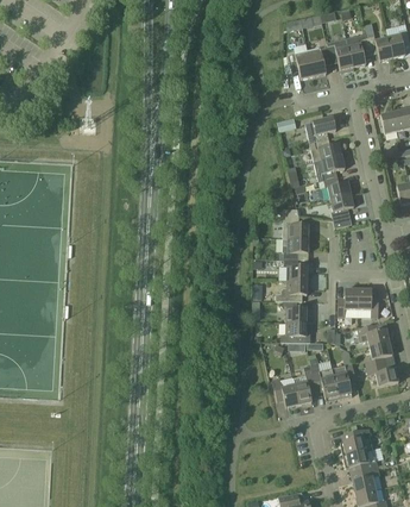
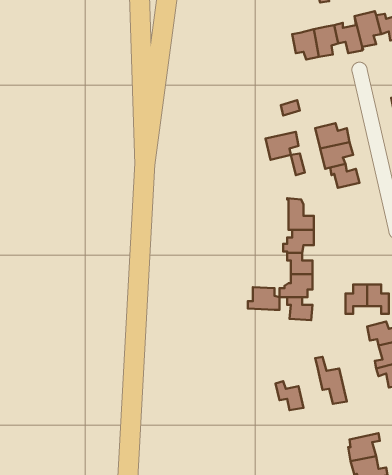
building: [305,115,336,142] -> [265,132,299,160]
building: [322,193,354,226] -> none
building: [282,320,311,342] -> [248,287,279,310]
building: [333,362,357,398] -> none
building: [294,365,317,403] -> none

